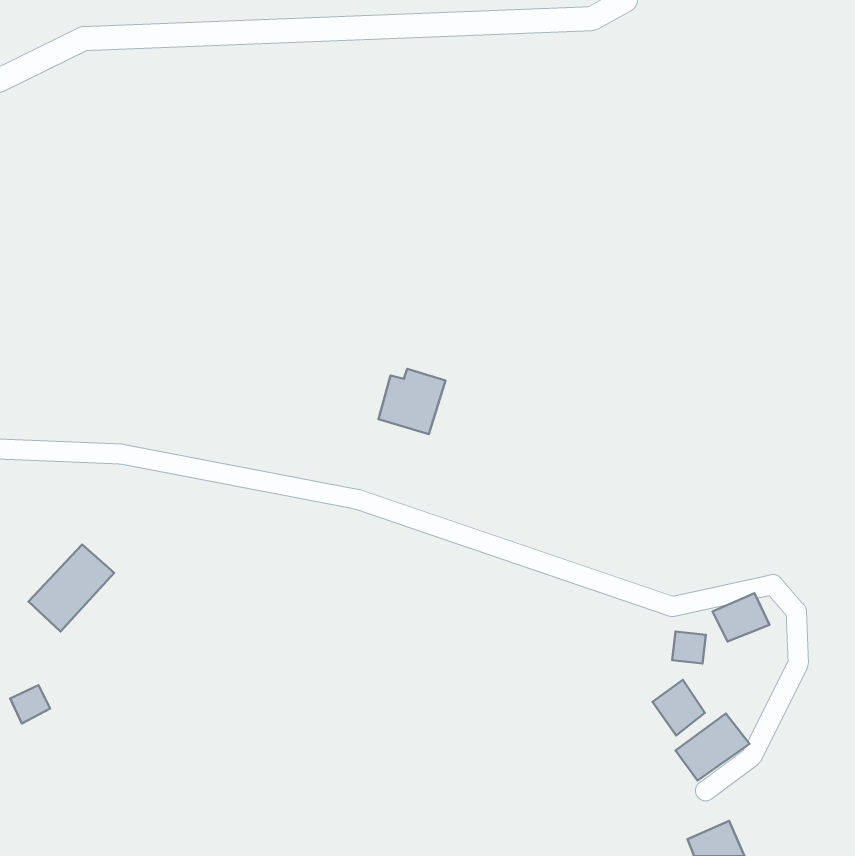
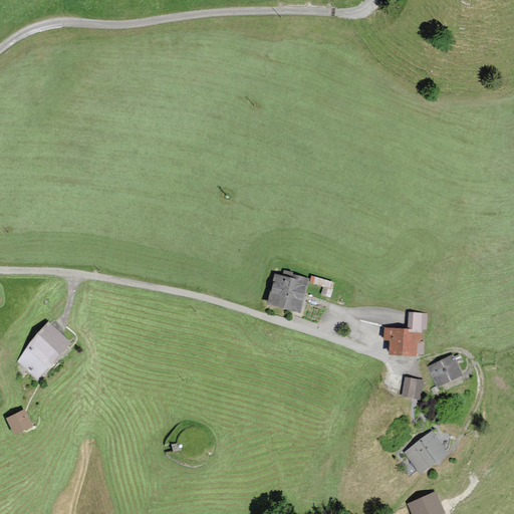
building: [379,369,446,434] -> [267,272,307,311]
building: none -> [383,313,426,354]
building: [653,680,705,736] -> none

